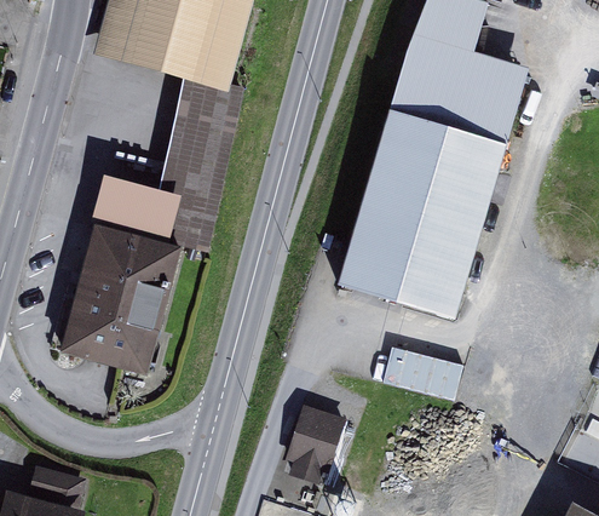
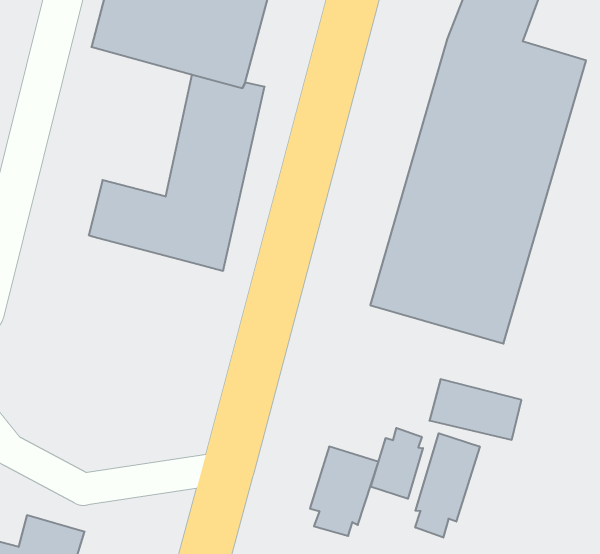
building: [61,222,182,373] -> none
building: none -> [371,428,423,499]
building: none -> [415,433,480,538]

